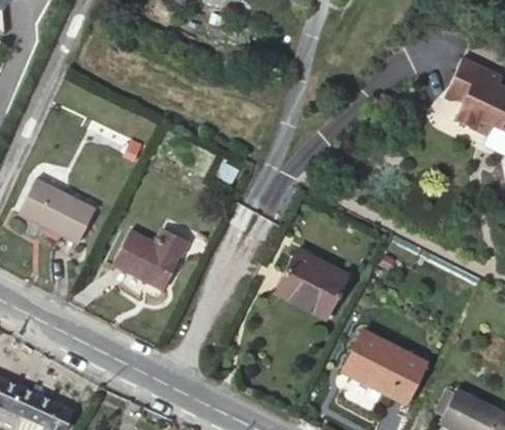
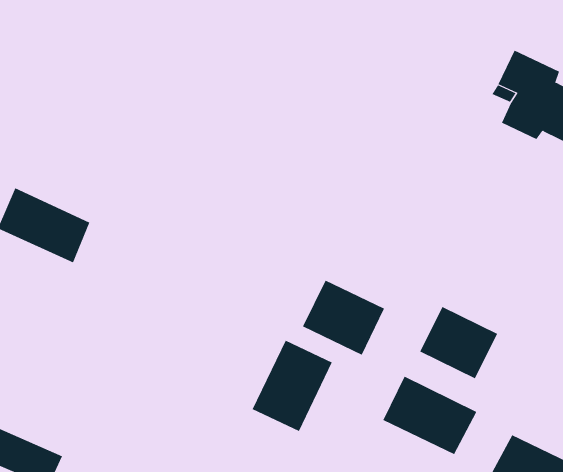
building: [113,228,190,291] -> none
building: none -> [420,306,498,379]
building: none -> [252,340,332,432]

